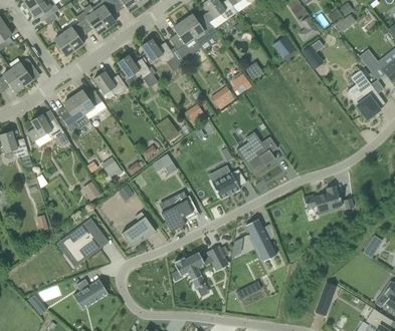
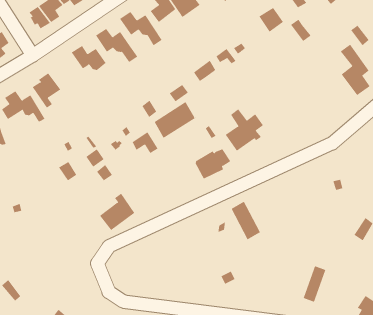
building: [72,90,102,113] -> none
building: none -> [152,101,202,139]
building: [303,186,342,213] -> none
building: [161,191,196,232] -> none
building: [61,218,100,263] -> none
building: [174,247,227,289] -> none
building: [72,279,108,310] -> none

